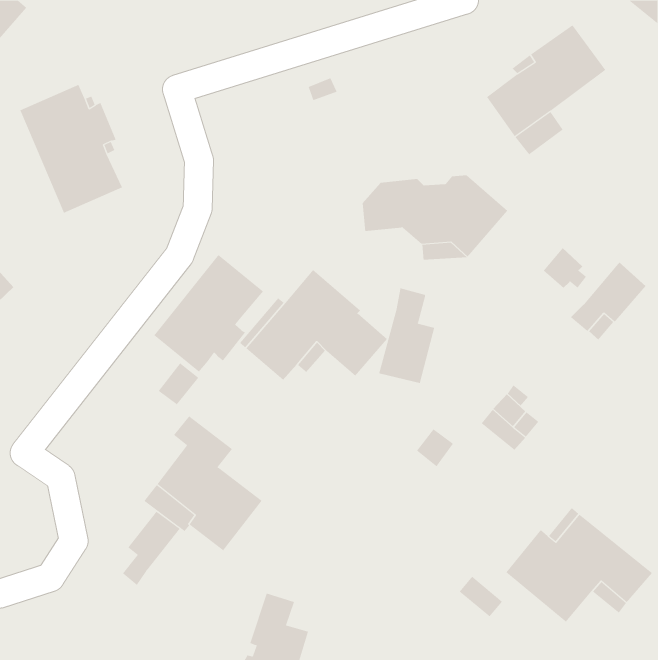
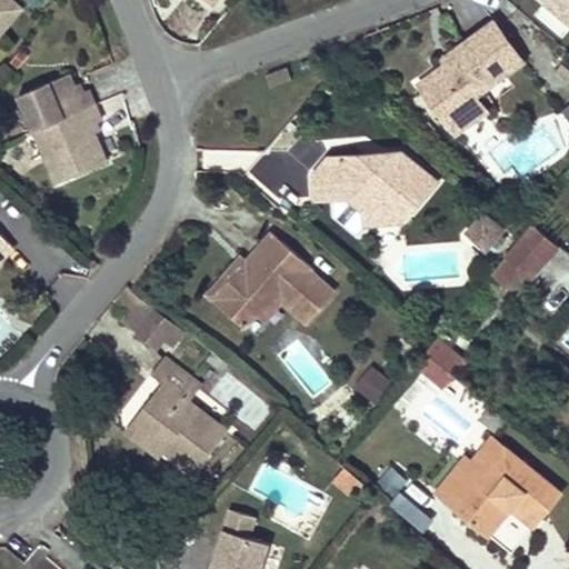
building: [153,254,264,373] -> none
building: [378,287,435,384] -> none
building: [123,511,181,586] -> none

